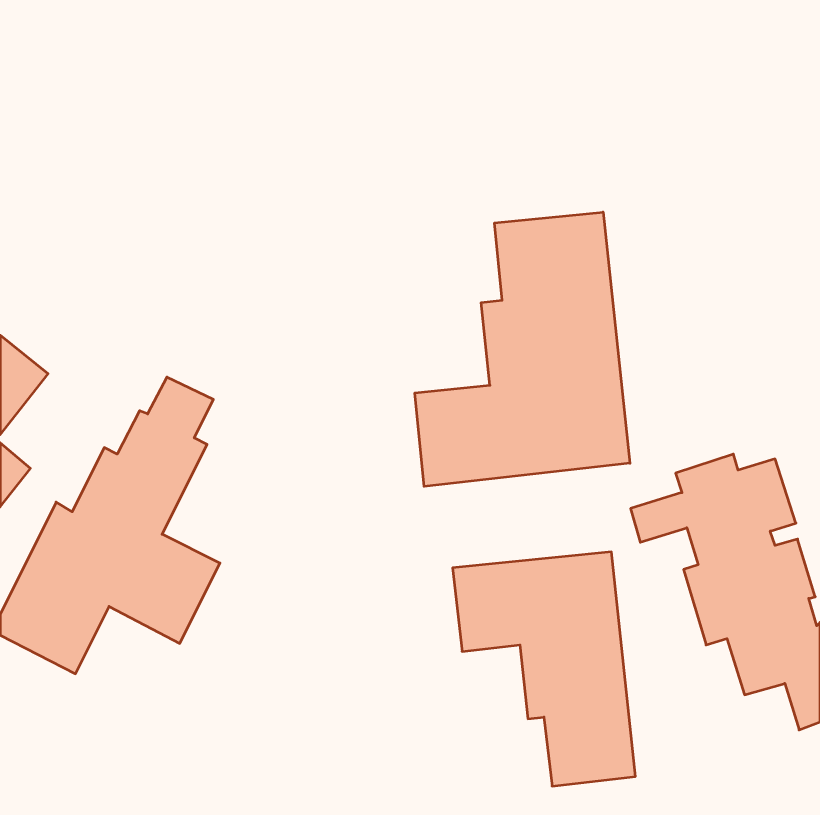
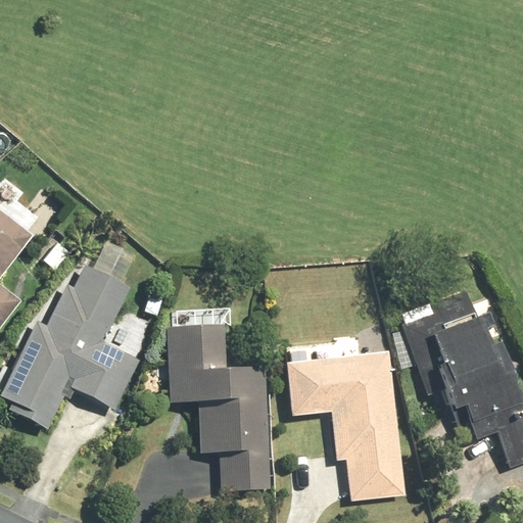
building: [415,212,630,486] -> none
building: none -> [169,324,269,492]

